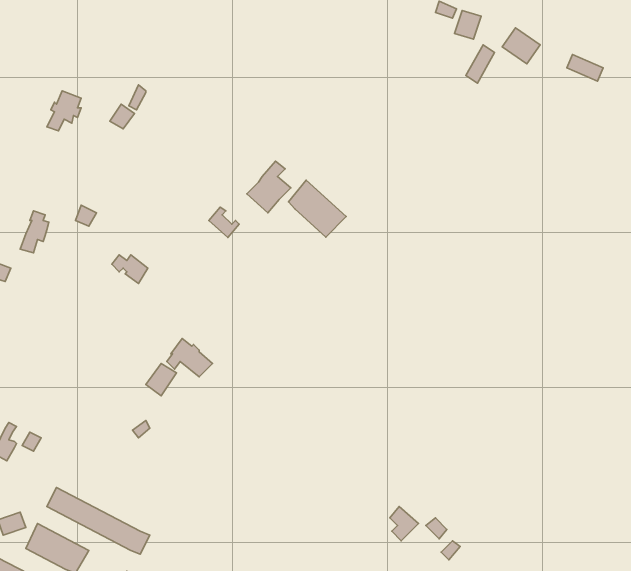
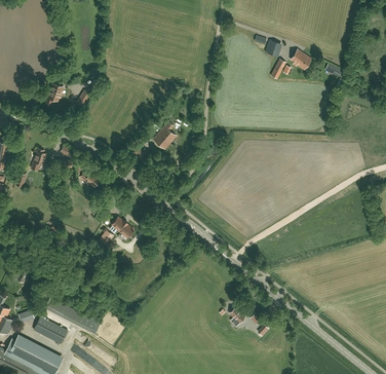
building: [288,180,346,237] -> none

